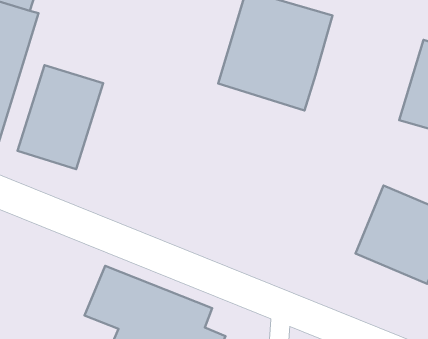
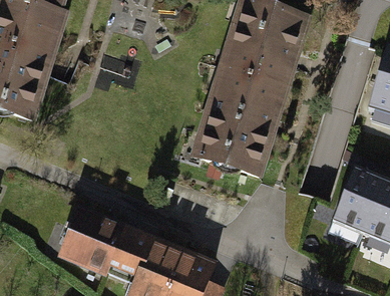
building: [17,65,103,169] -> none
building: none -> [192,77,287,177]
building: none -> [63,210,122,269]

